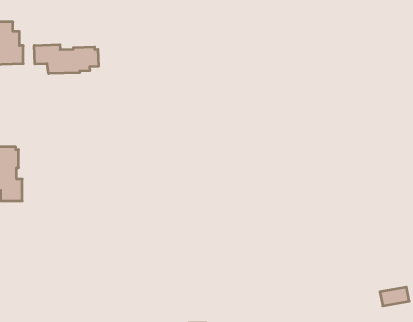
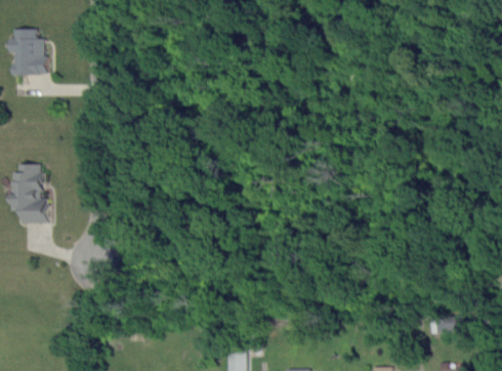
building: [34,45,98,74] -> none

